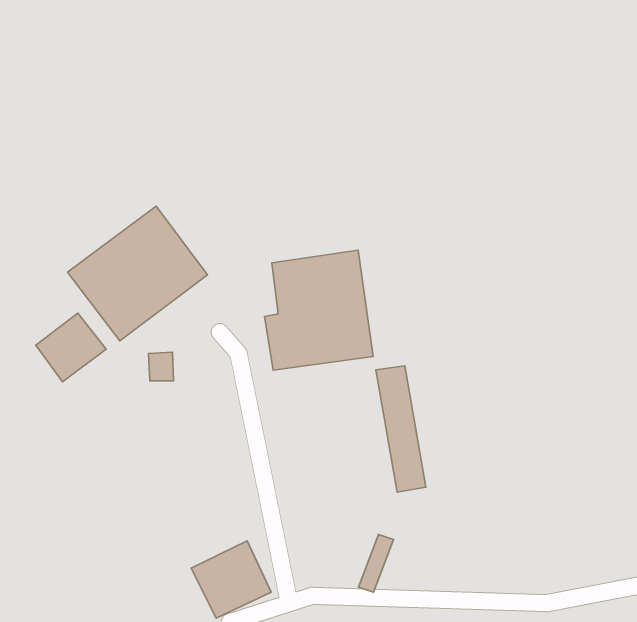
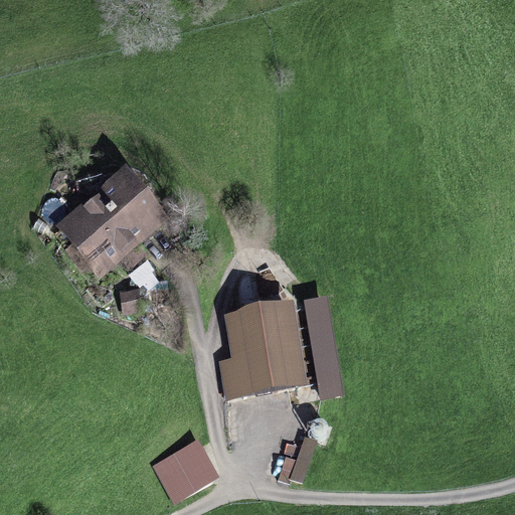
building: [264,250,373,370] -> [219,302,307,398]
building: [36,313,106,382] -> none

